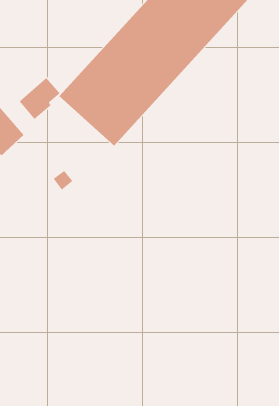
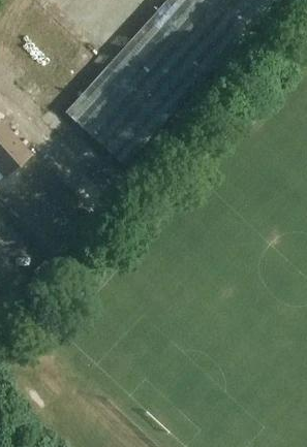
building: [19,77,61,120] -> none

